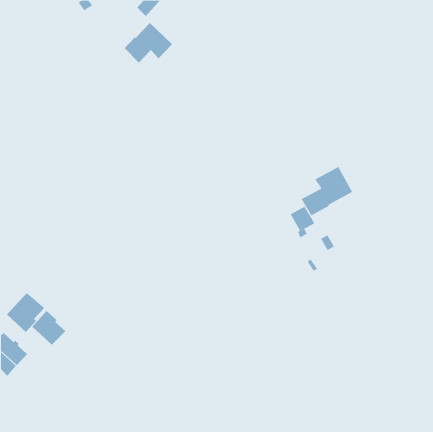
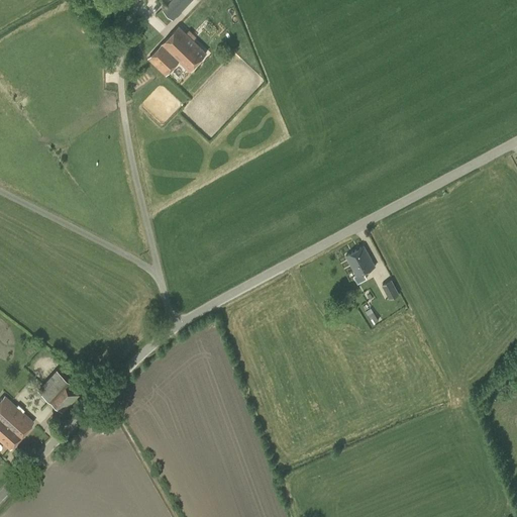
building: [301,166,353,216] -> none
building: [6,292,45,333] -> none

